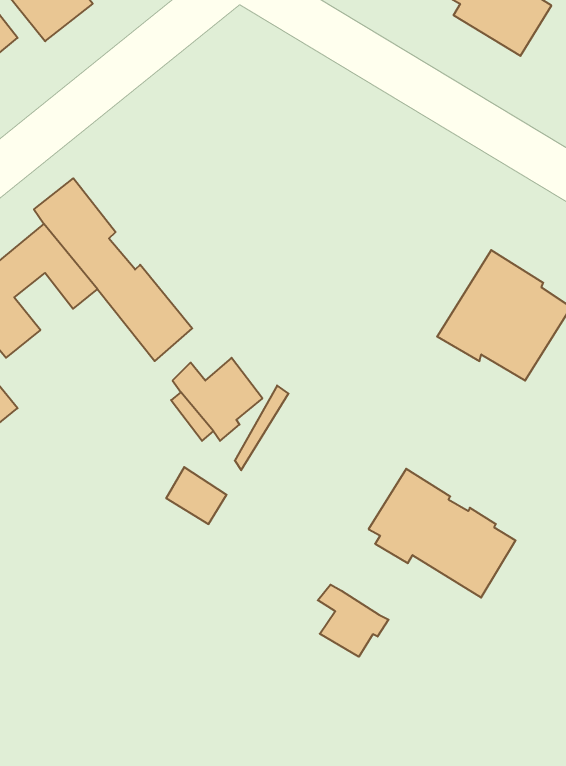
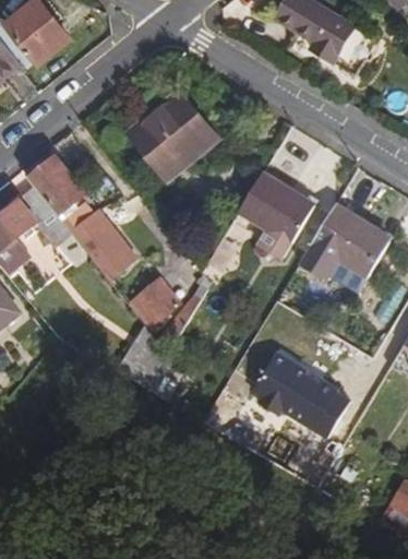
building: none -> [129,90,218,179]
building: none -> [238,174,313,255]
building: [318,585,389,657] -> none

